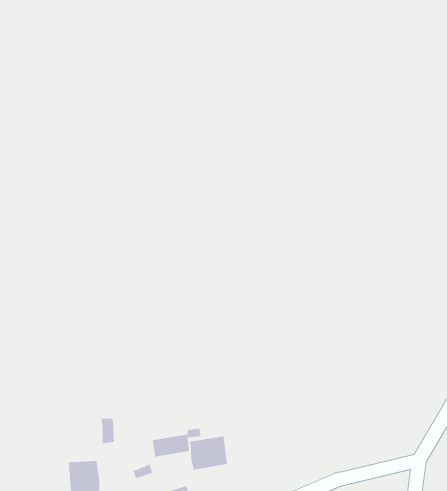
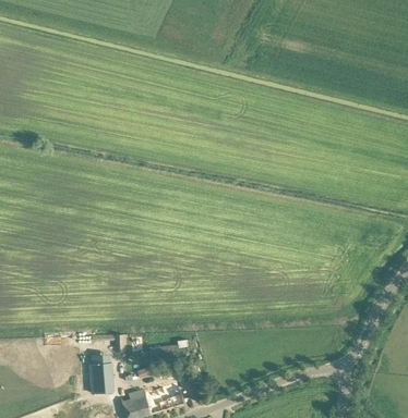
building: [190,435,228,470] -> none

